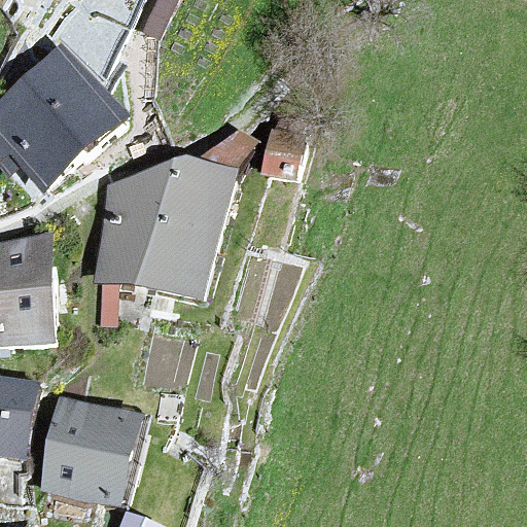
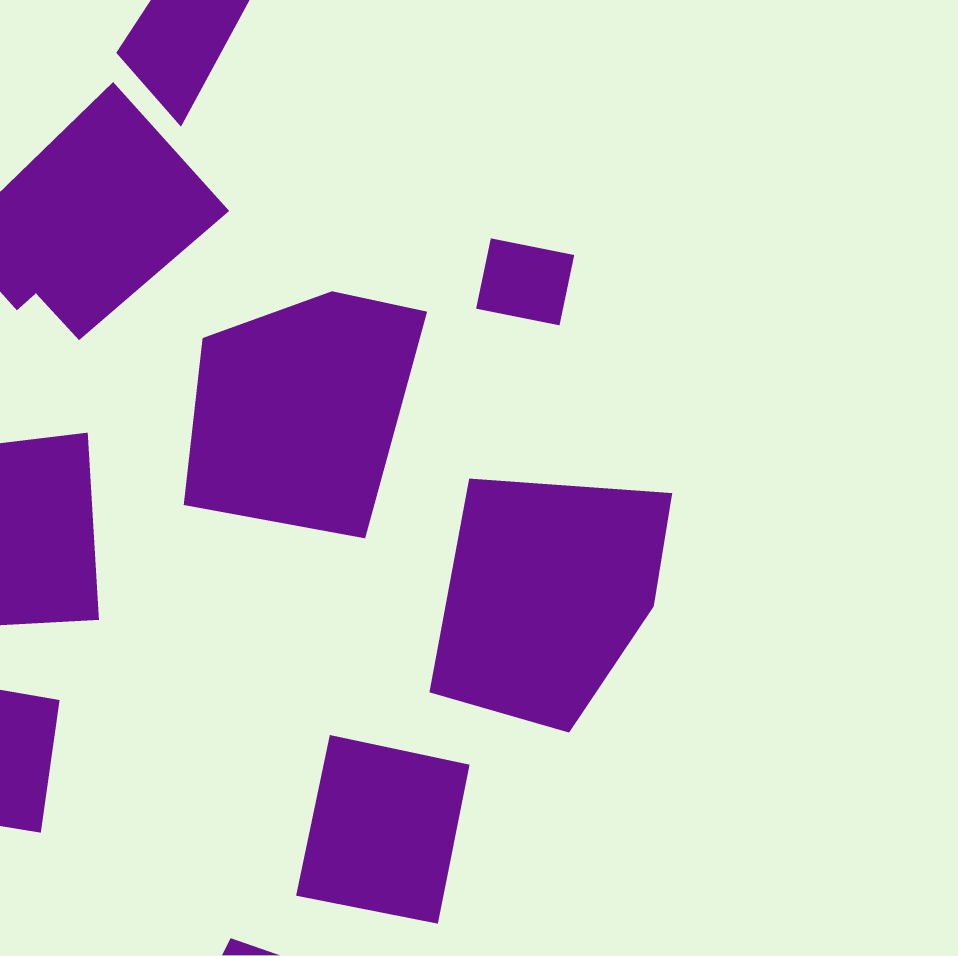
building: none -> [429,478,673,733]
building: [42,397,138,501] -> [295,734,471,924]

